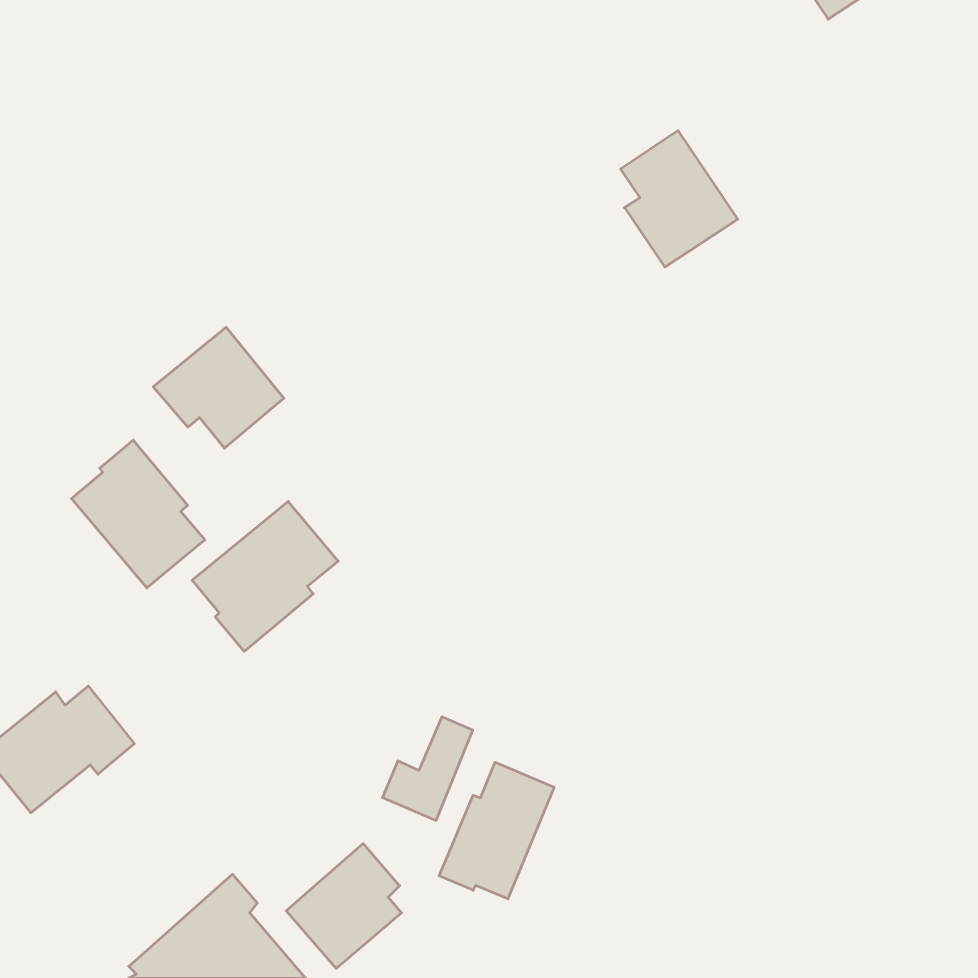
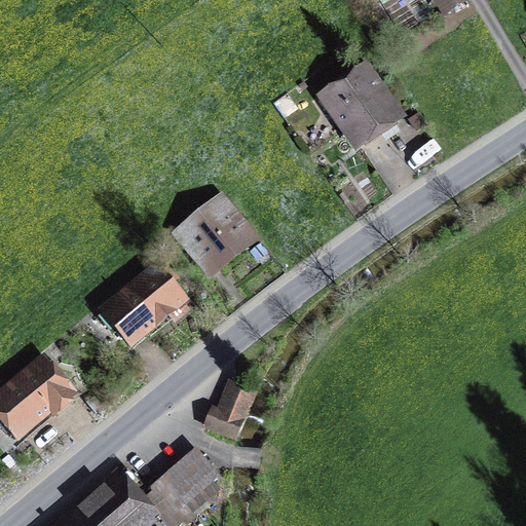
building: [153,327,284,448] -> [175,201,245,266]
building: [71,440,205,588] -> none
building: [439,762,554,899] -> none

